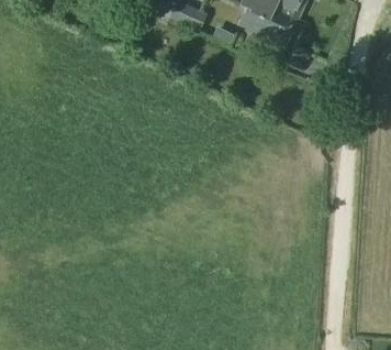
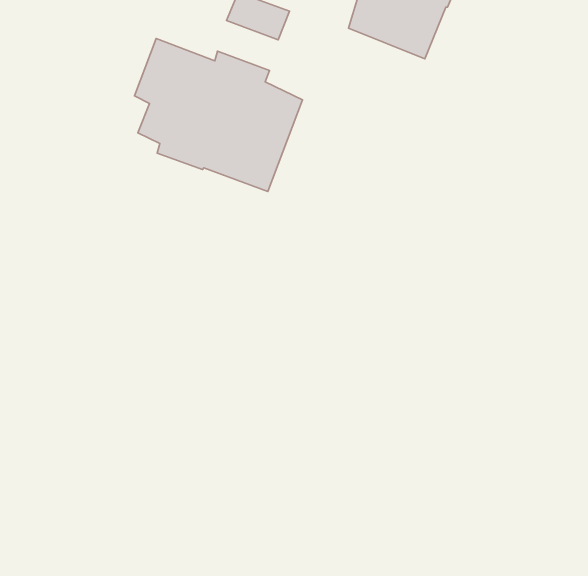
building: none -> [134,39,302,192]

